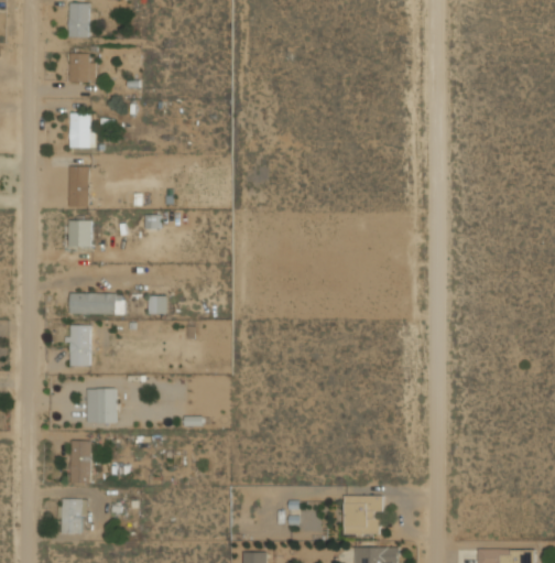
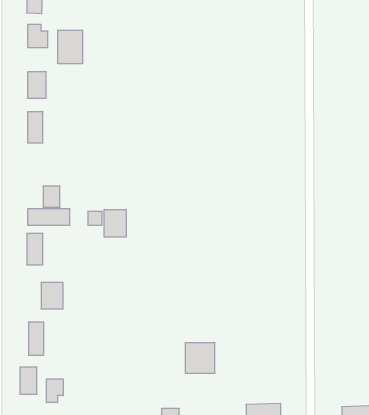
building: none -> [58,30,82,64]
building: [69,220,91,248] -> [43,186,60,207]
building: none -> [104,209,126,237]
building: [344,496,382,535] -> [185,343,215,373]
building: none -> [46,379,63,403]

